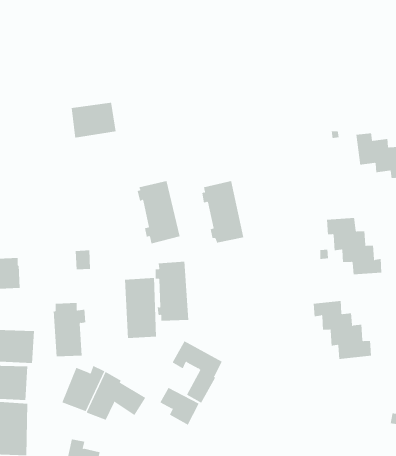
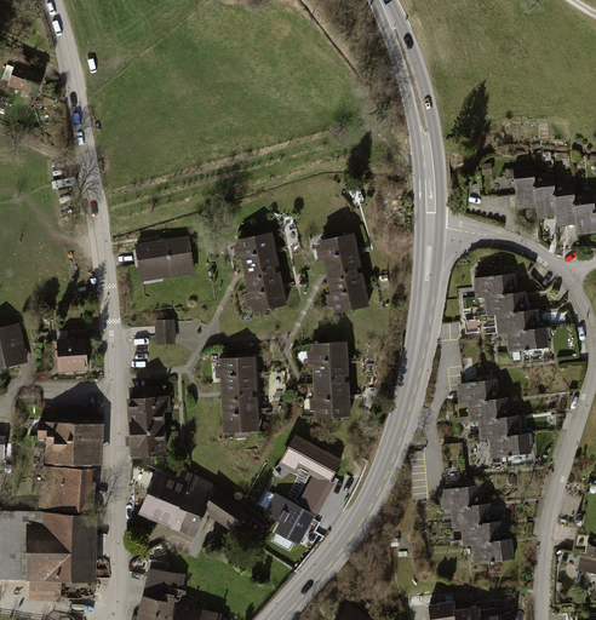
building: [71,102,116,138] -> [134,236,193,282]
building: [155,261,189,321] -> [308,341,351,418]
building: none -> [443,489,515,567]

